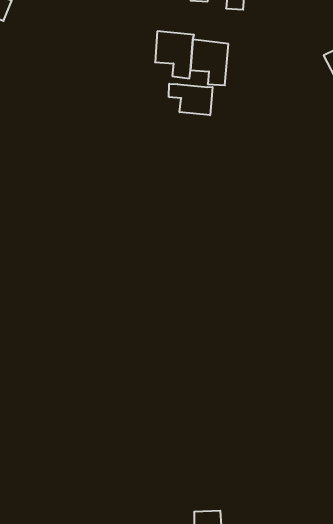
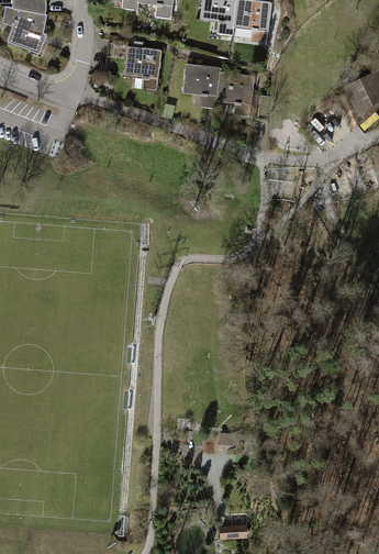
building: none -> [124,45,161,90]
building: [169,84,212,115] -> none

